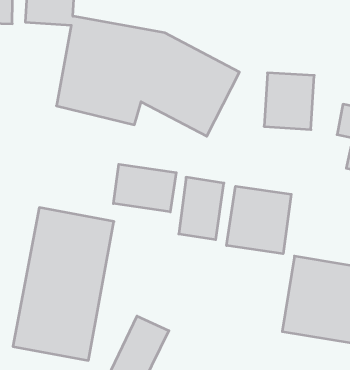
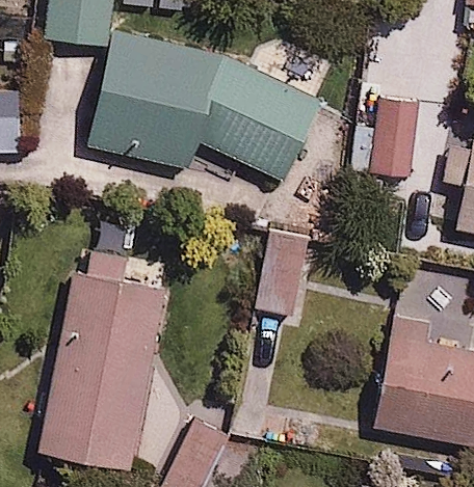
building: [113,164,176,212] -> none
building: [227,186,291,254] -> none

